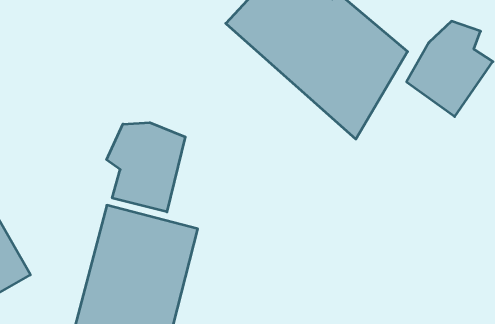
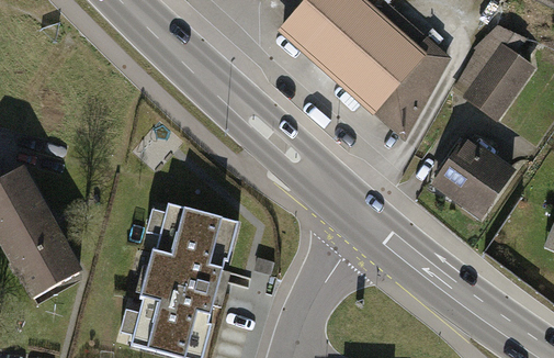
building: [107,123,185,212] -> none
building: none -> [427,133,516,221]

